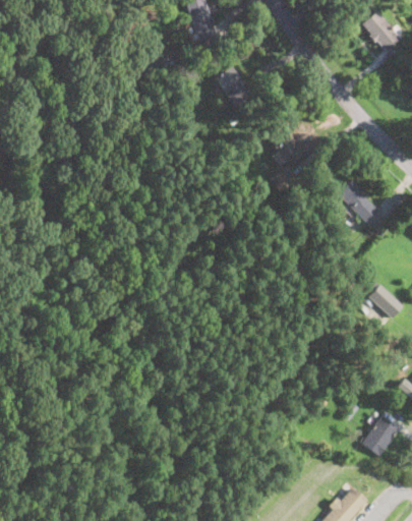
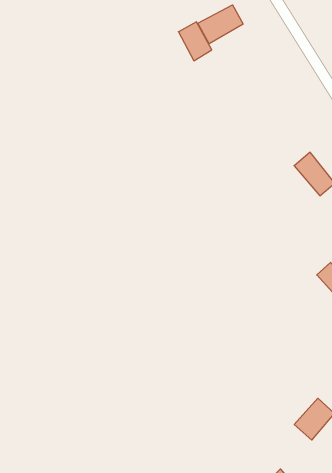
building: none -> [198,5,243,44]

